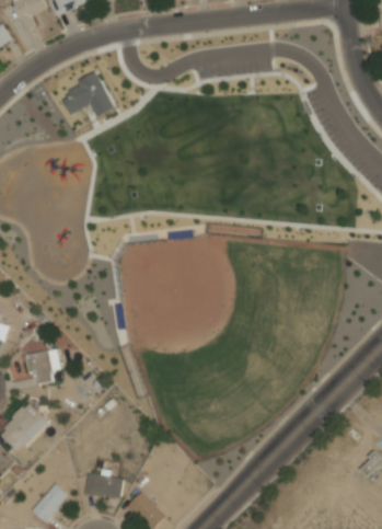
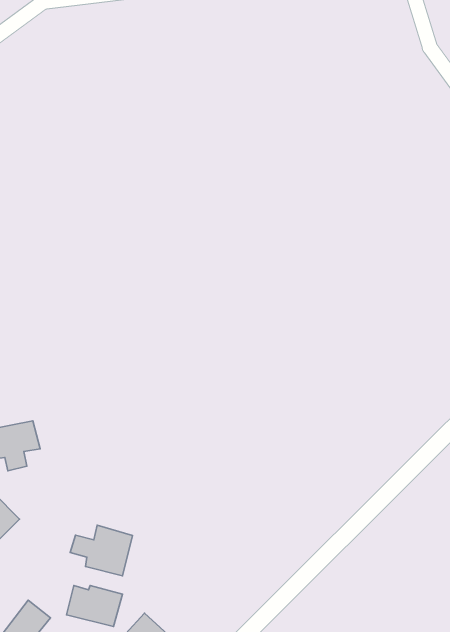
building: [58,73,112,115] -> none
building: none -> [70,525,133,576]

